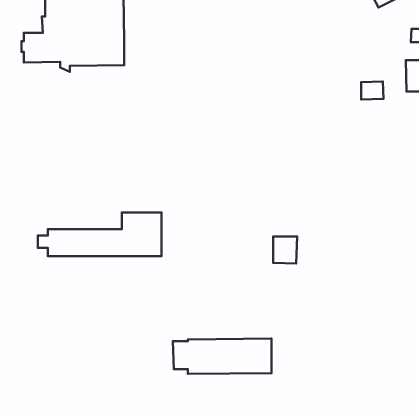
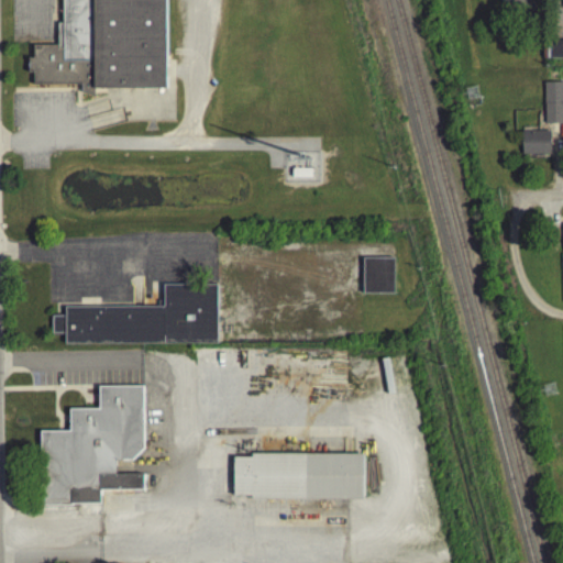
building: [361,81,384,100] -> [522,129,552,153]
building: [273,236,297,264] -> [364,256,396,292]
building: none -> [40,385,145,504]

